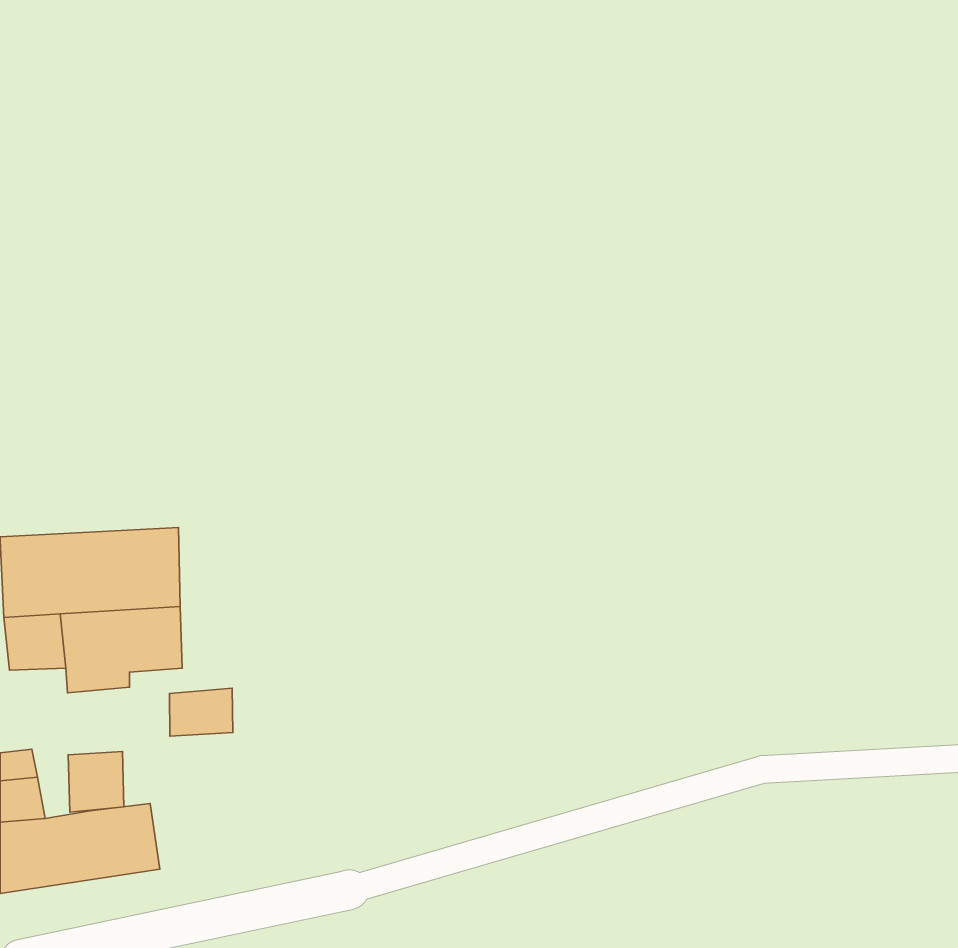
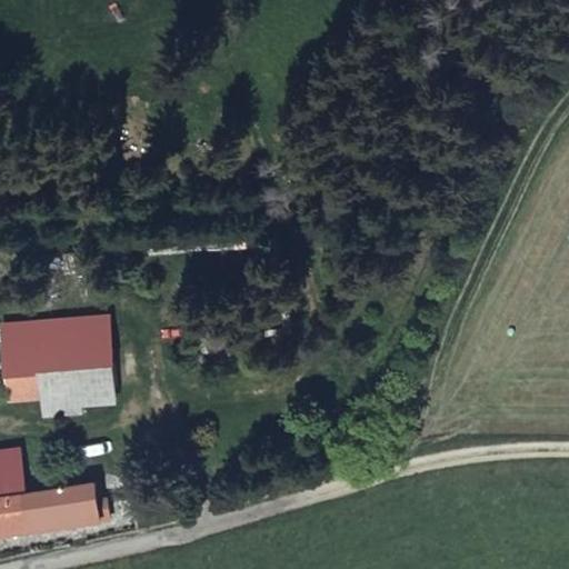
building: [169,688,233,736] -> none
building: [68,752,124,812] -> none

